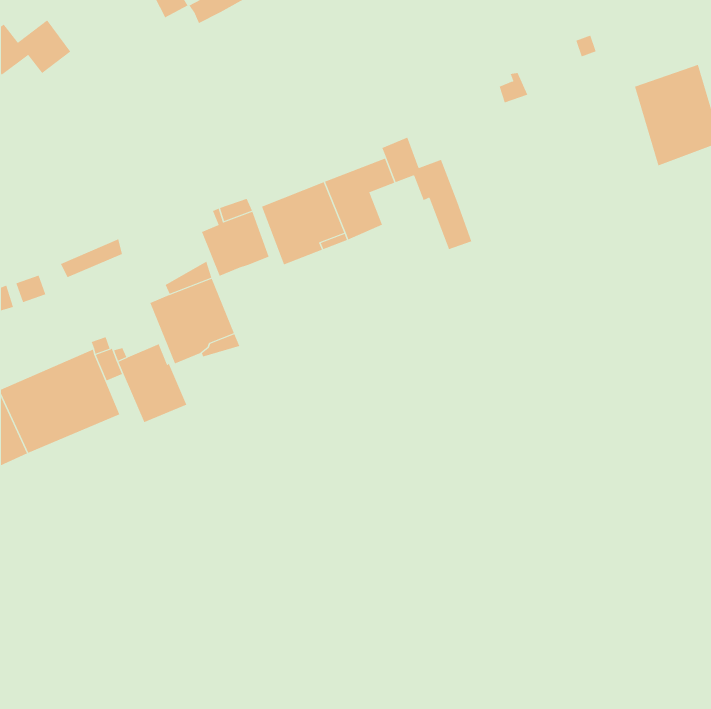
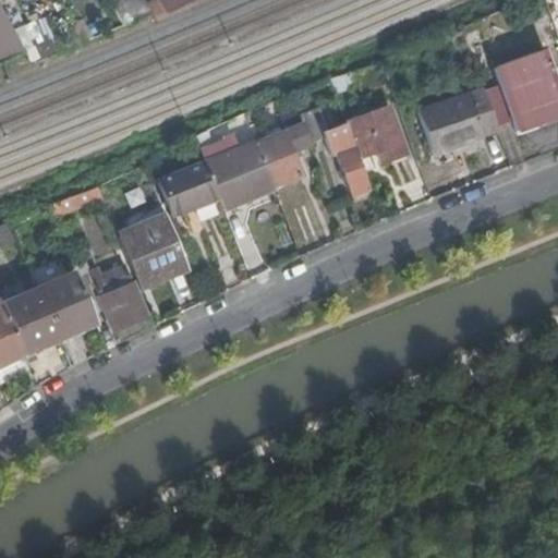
building: none -> [418,85,499,151]
building: none -> [347,108,408,165]

